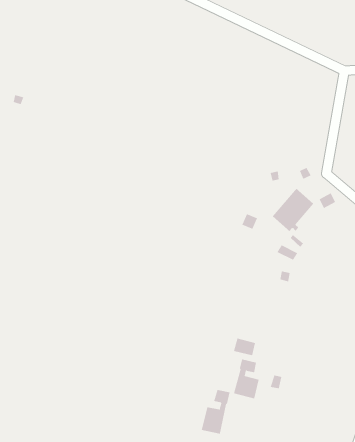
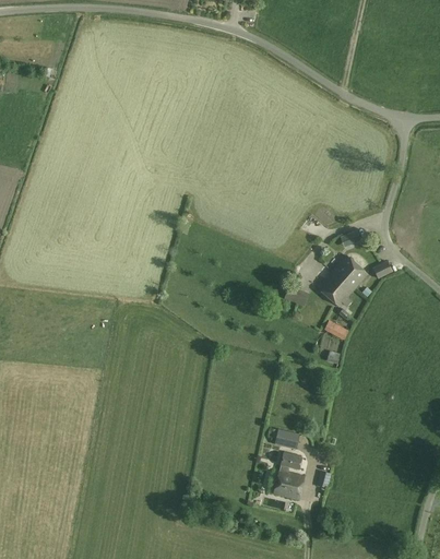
building: [201,389,230,434] -> none

